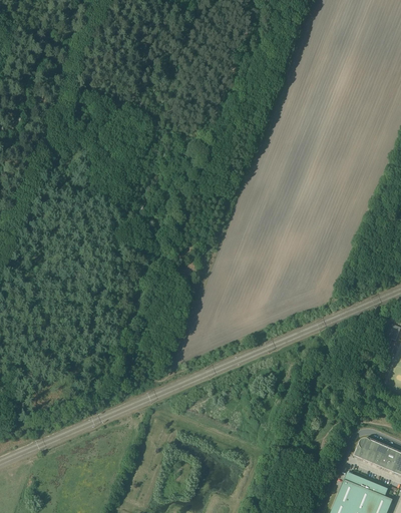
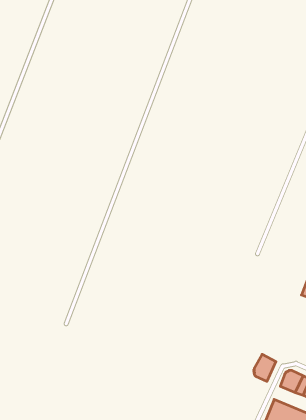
building: none -> [254,354,276,381]

